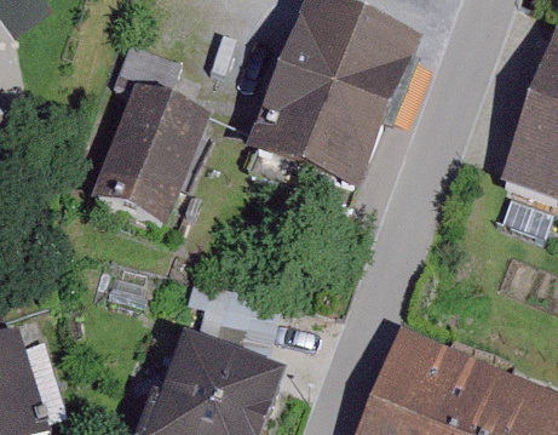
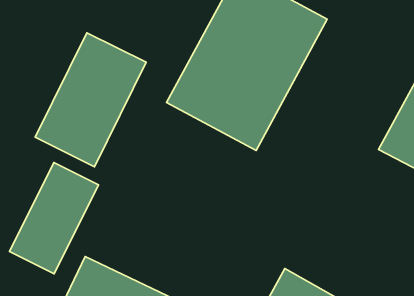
building: none -> [9,162,99,274]

